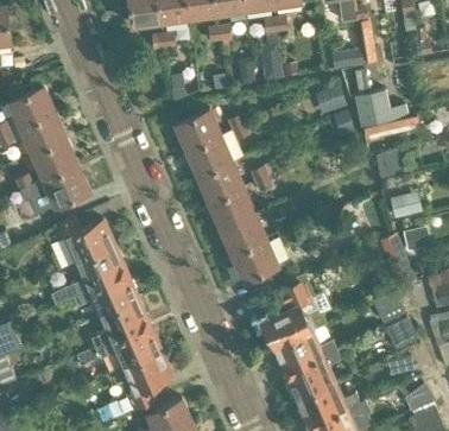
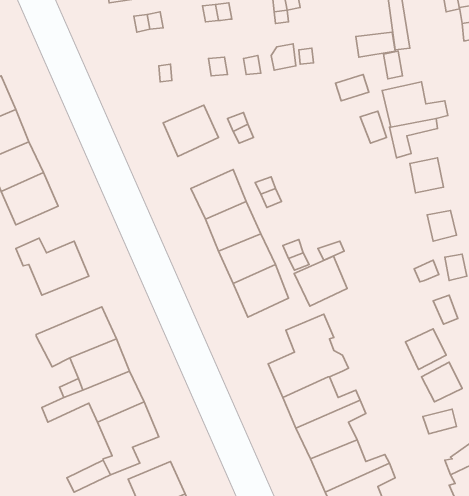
building: [186,135,232,177] -> none
building: none -> [294,256,347,306]
building: [51,248,125,304] -> none

